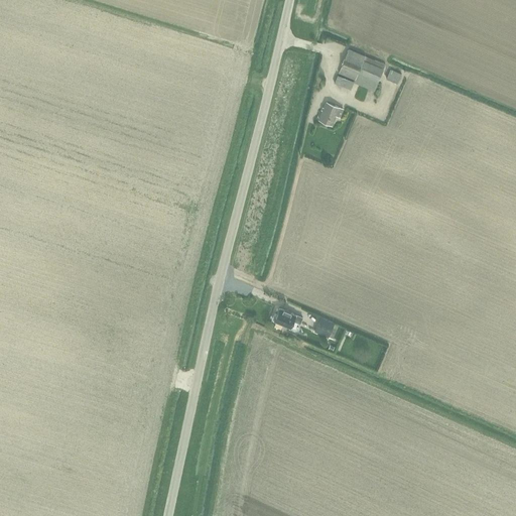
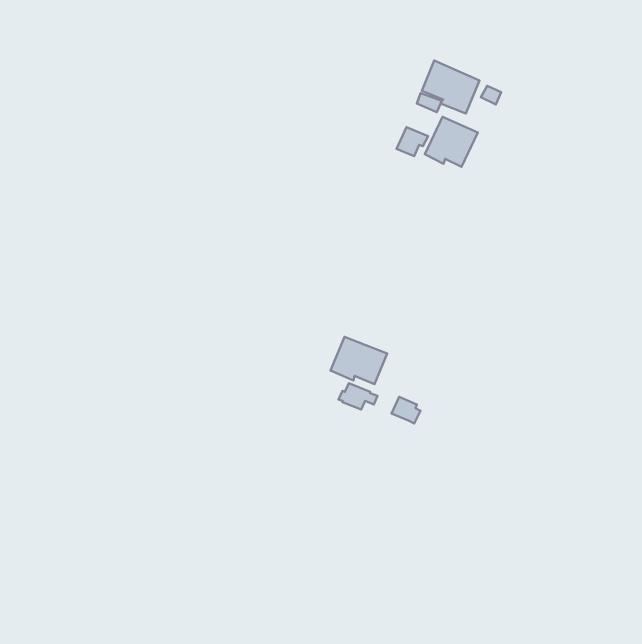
building: none -> [425,117,478,167]
building: none -> [331,337,387,384]

